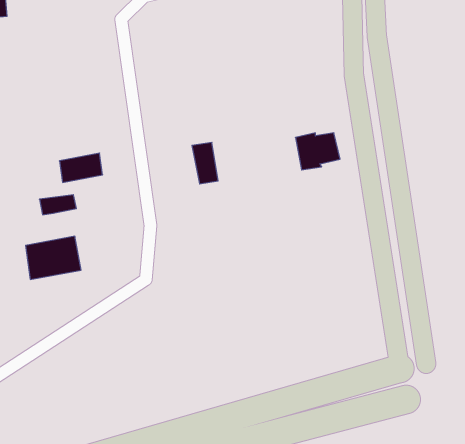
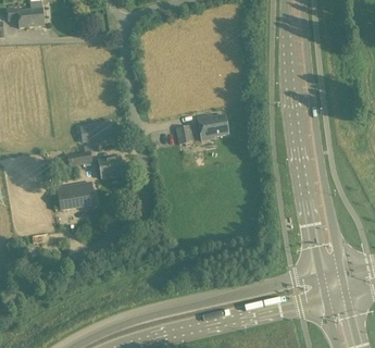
building: [295,133,340,170] -> [197,113,228,139]
building: none -> [95,156,124,177]

